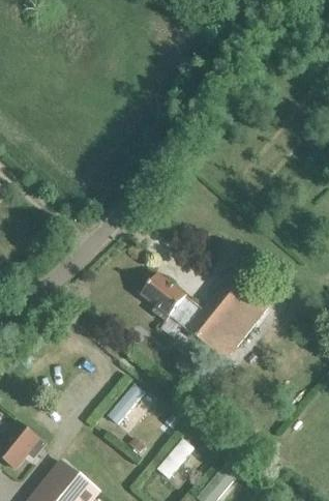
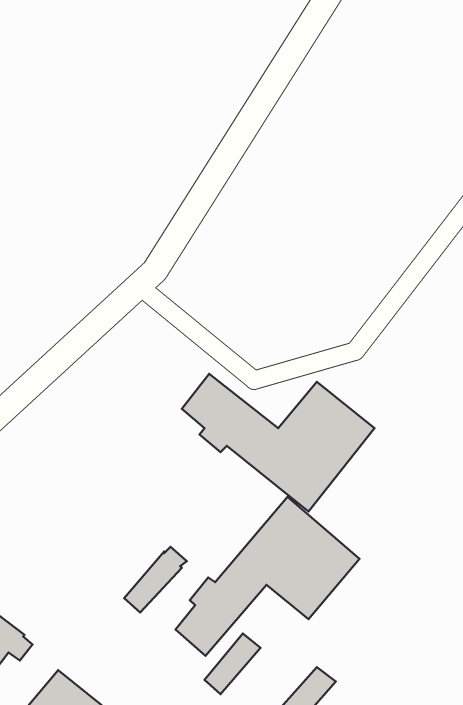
building: none -> [176,497,359,656]

